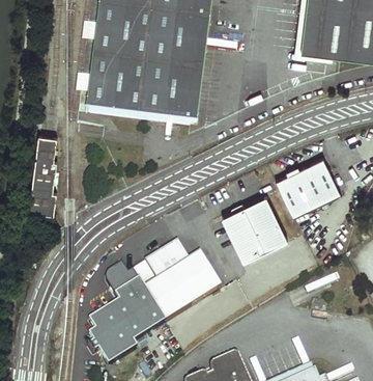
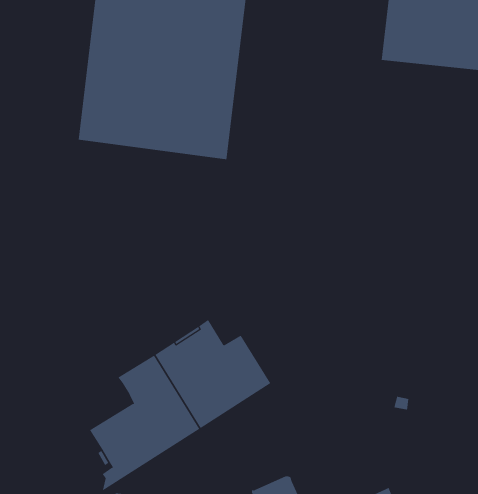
building: [31,134,59,214] -> none
building: [277,157,341,216] -> none
building: [223,194,289,261] -> none

